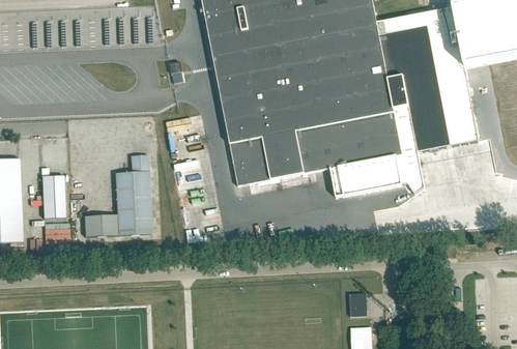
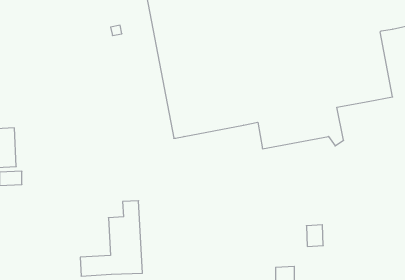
building: [84,153,152,236] -> [80,201,142,276]
building: [349,292,368,316] -> [306,225,323,246]

